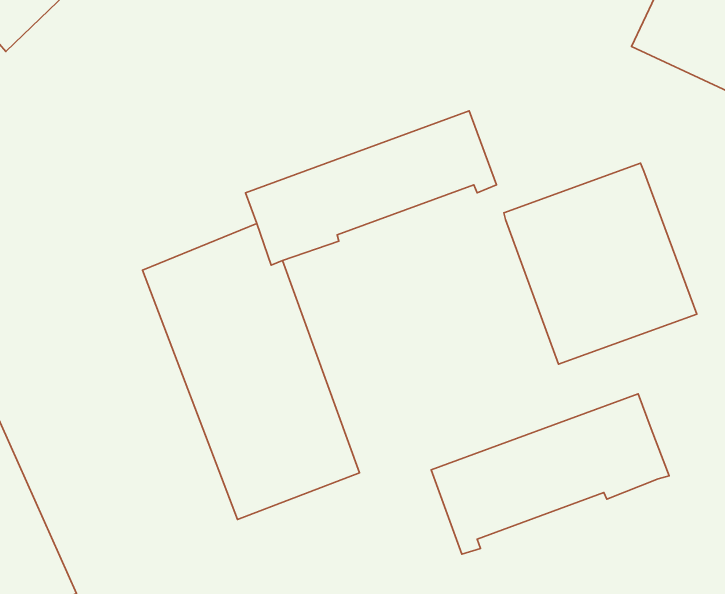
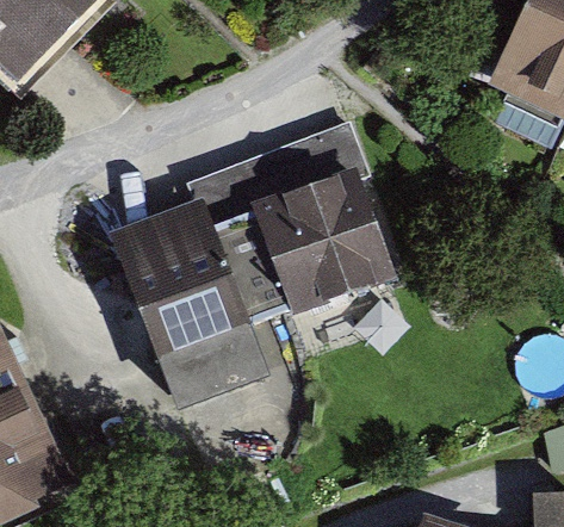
building: [504,163,697,364] -> [256,175,399,324]
building: [431,394,669,554] -> none

